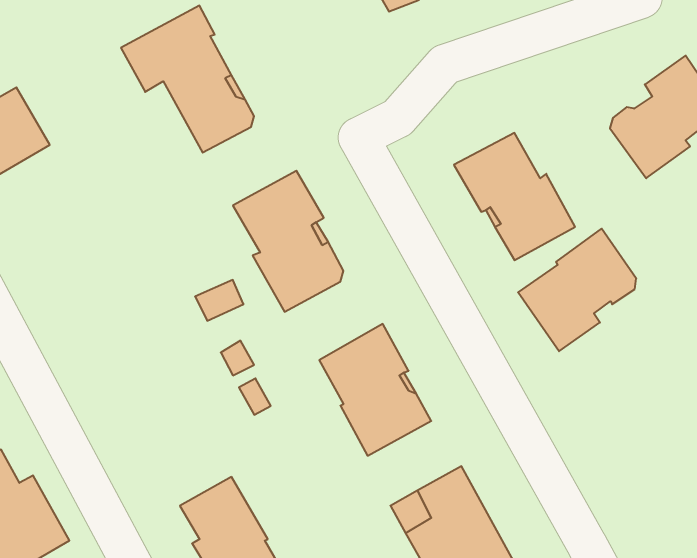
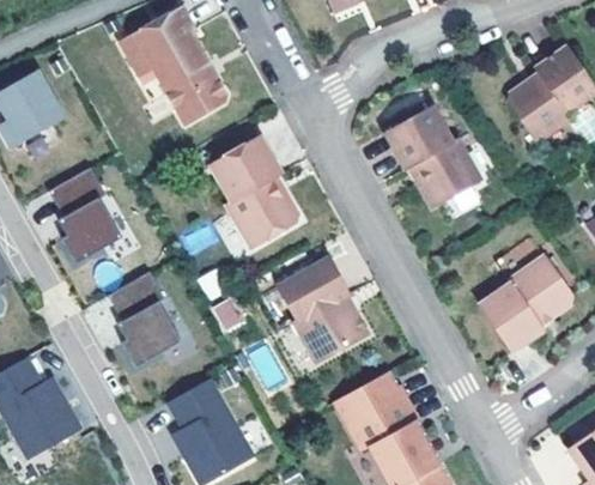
building: none -> [48,166,122,263]
building: [518,229,636,351] -> [478,255,571,352]
building: none -> [108,271,181,366]

